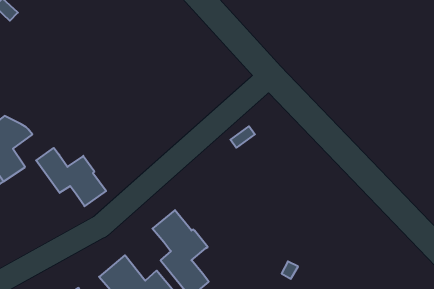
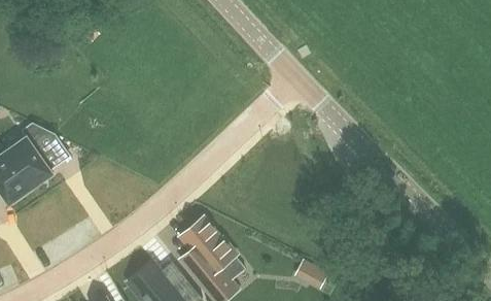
building: [36,148,106,206] -> none

